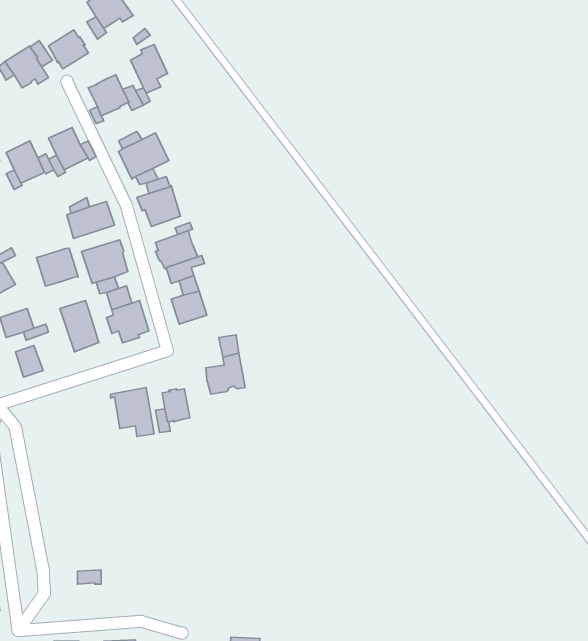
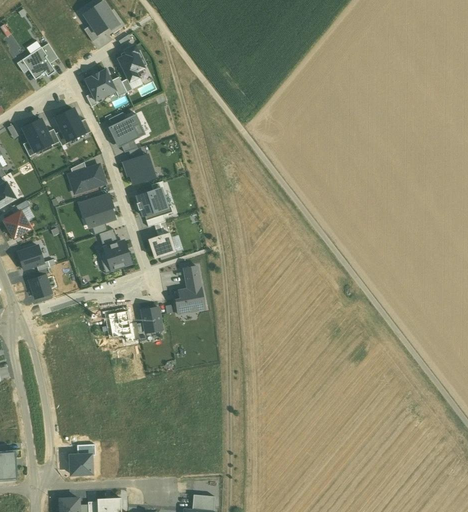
building: [48,30,88,69] -> none
building: [37,248,78,286] -> none
building: [60,300,99,352] -> none
building: none -> [70,454,91,474]

